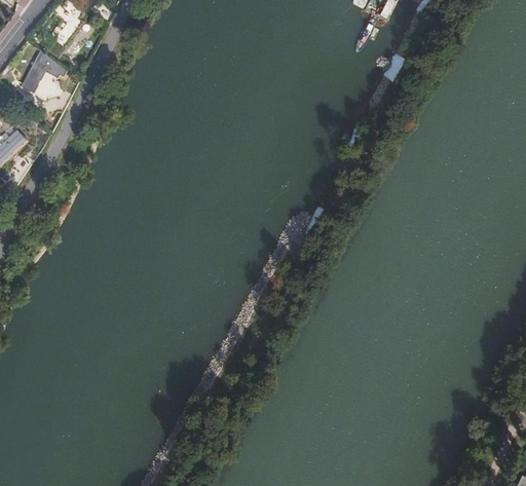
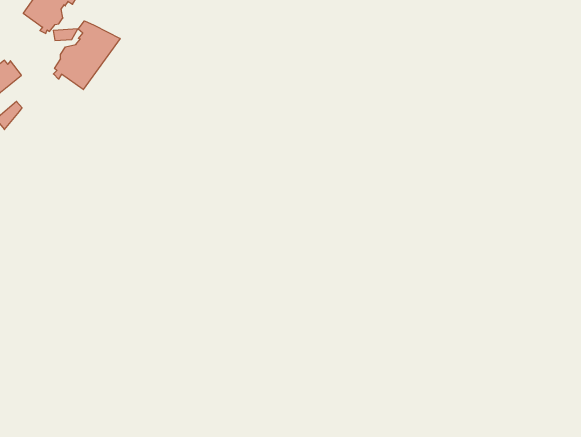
building: none -> [53,21,120,90]

